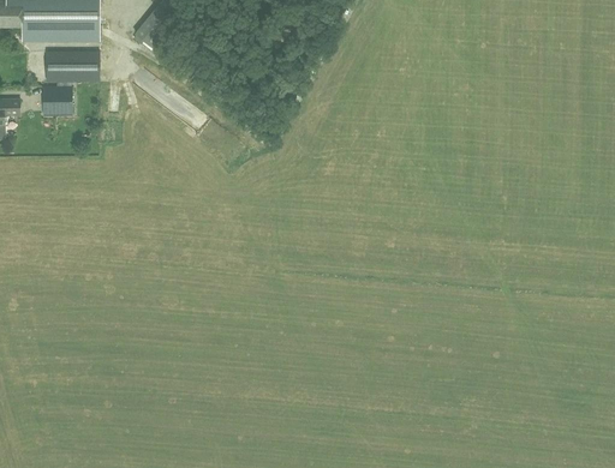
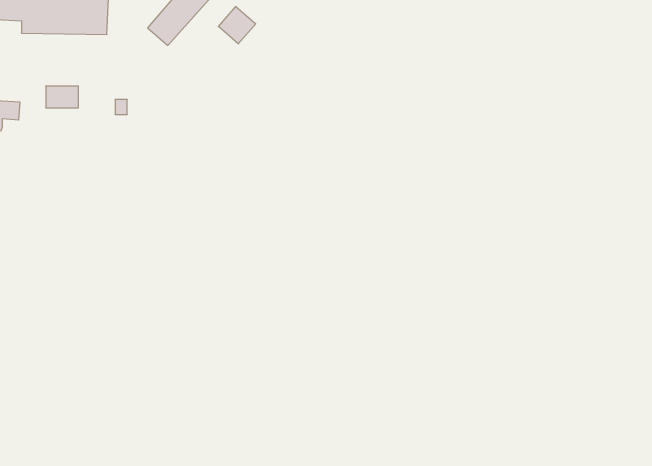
building: none -> [218,6,256,44]
building: [46,53,98,82] -> none

